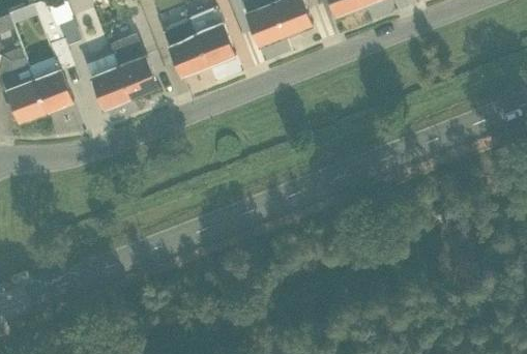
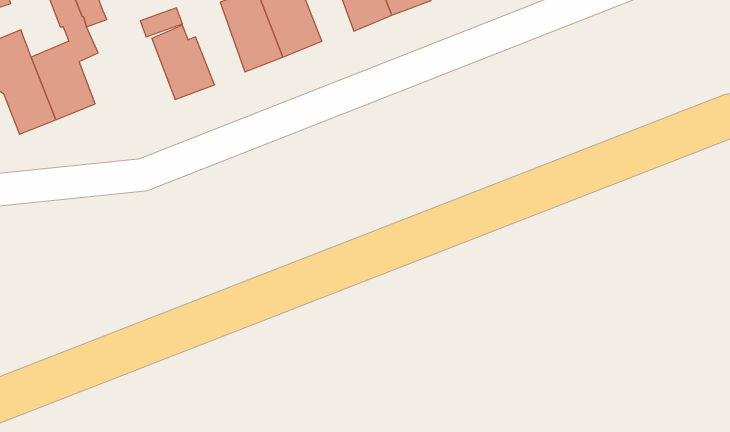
building: [87,53,130,108] -> none

